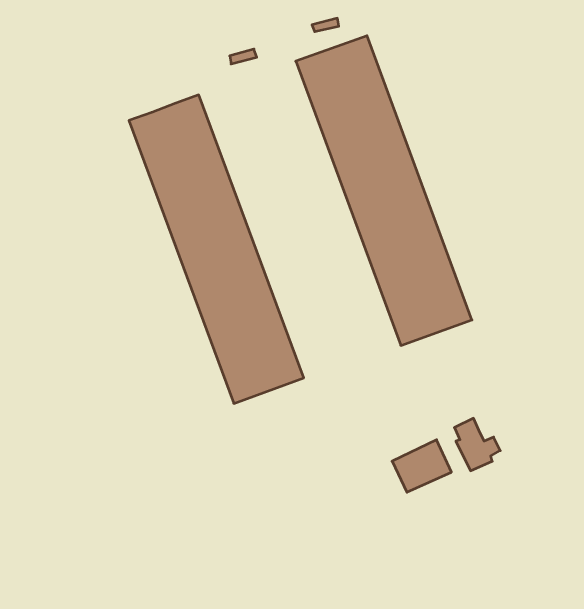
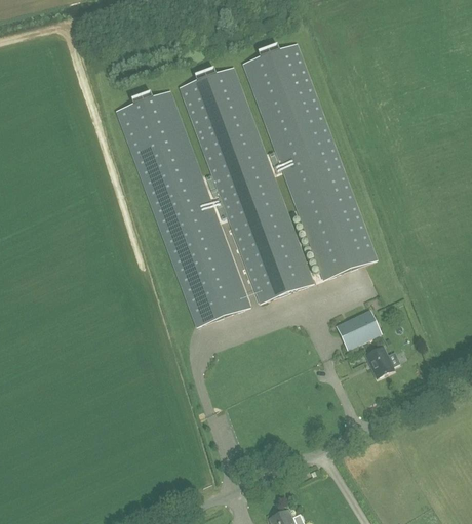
building: none -> [179,68,313,304]
building: [392,440,451,492] -> [335,306,380,346]

